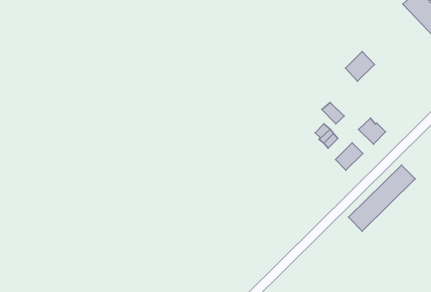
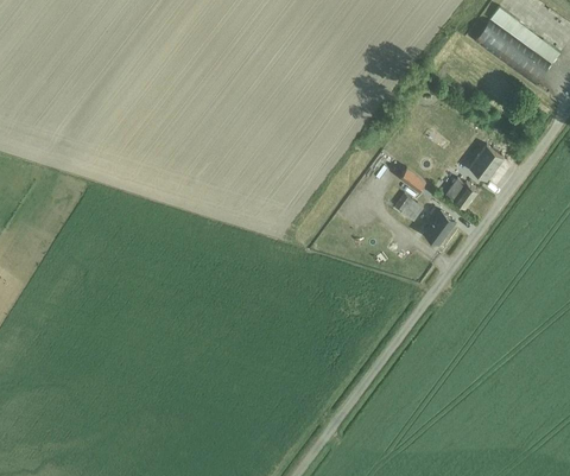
building: [345,51,374,81] -> [469,144,502,179]
building: [349,165,415,231] -> none

